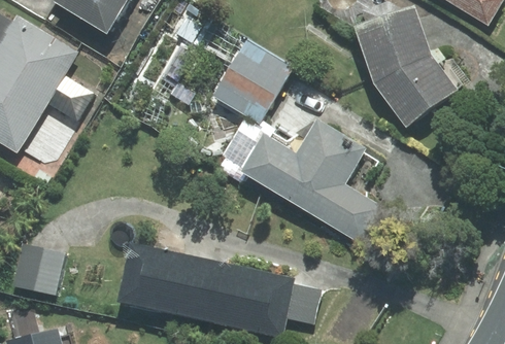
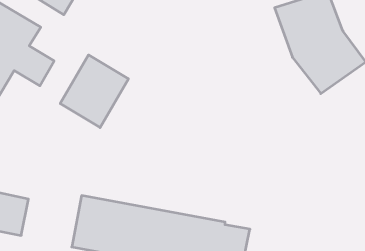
building: [213,37,293,122] -> [60,55,128,128]
building: [239,118,384,243] -> none

